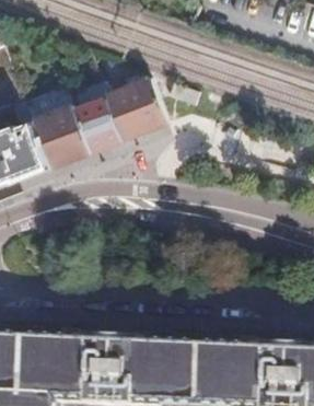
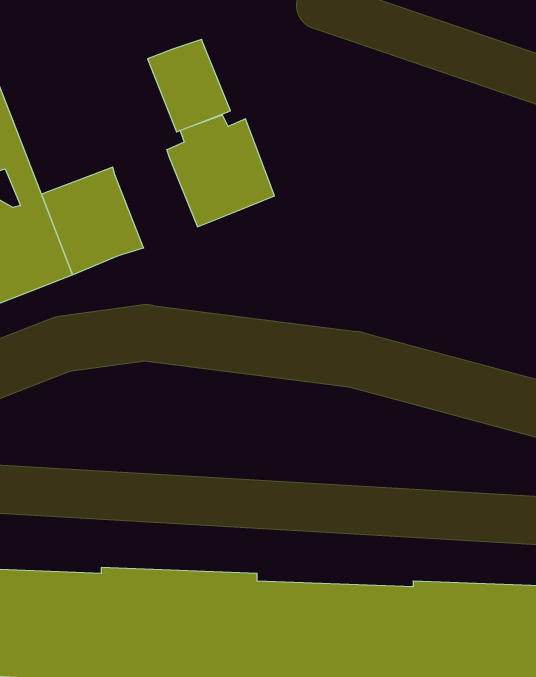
building: [72,100,119,152] -> [148,39,230,132]

